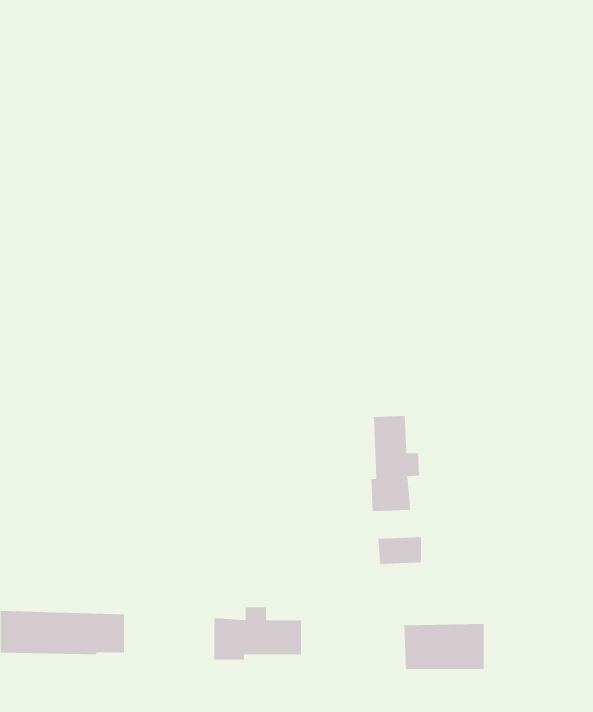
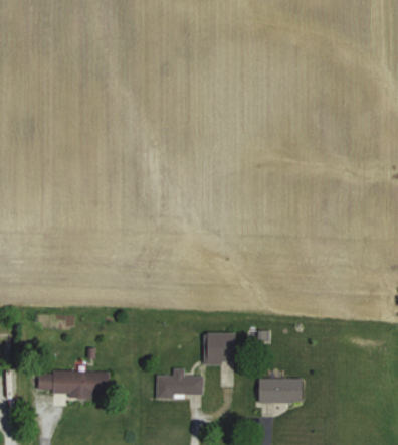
building: [371,415,420,512] -> none
building: none -> [205,332,236,363]

